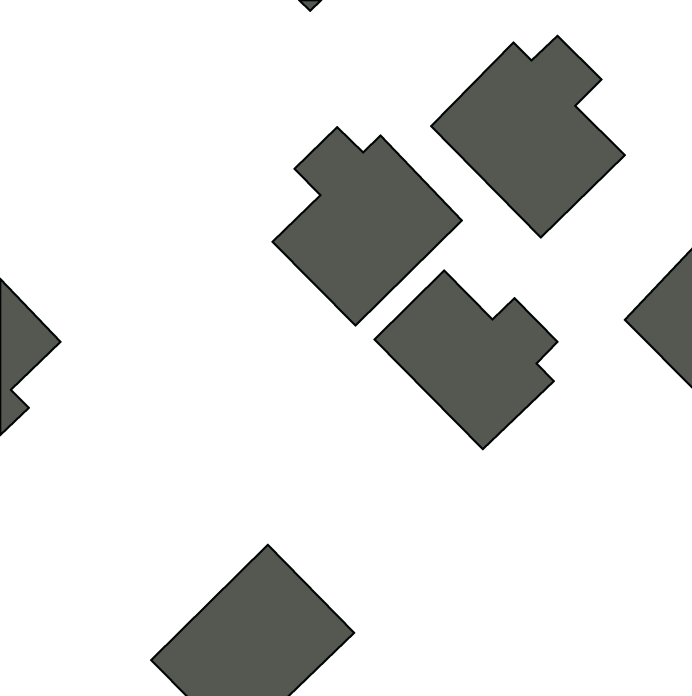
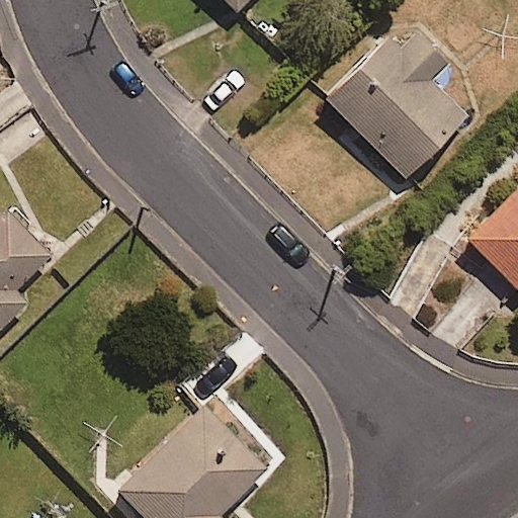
building: [273,127,462,325] -> none
building: [375,270,557,449] -> none

